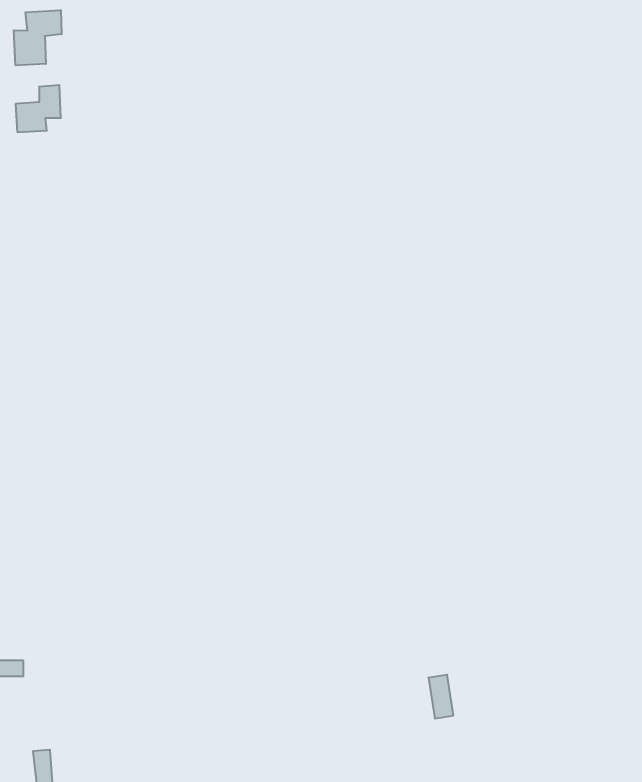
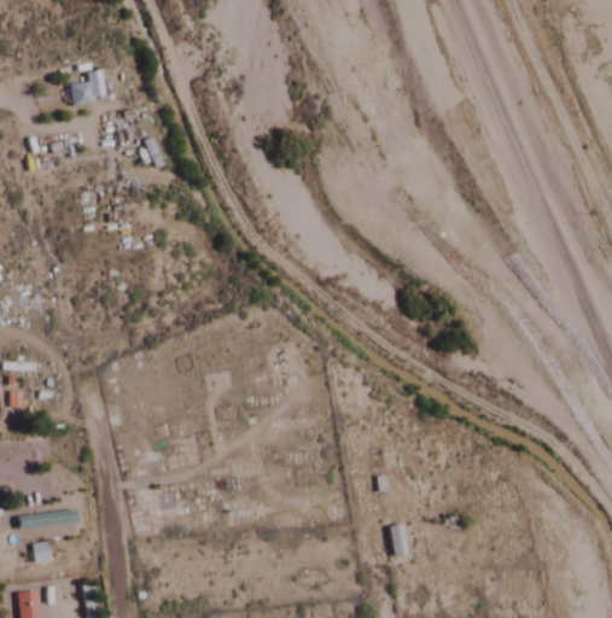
building: [14,10,62,65] -> none

